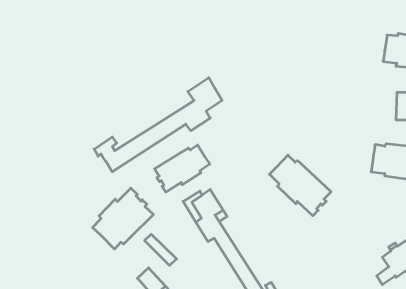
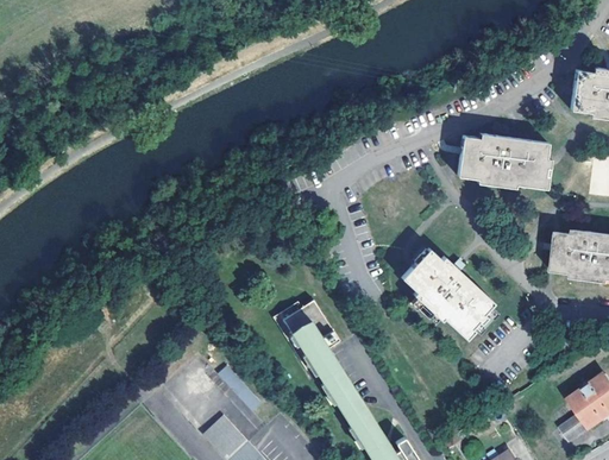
building: [94,78,222,172] -> none
building: none -> [458,134,551,189]
building: [155,145,210,192] -> none
building: [93,188,153,249] -> none

